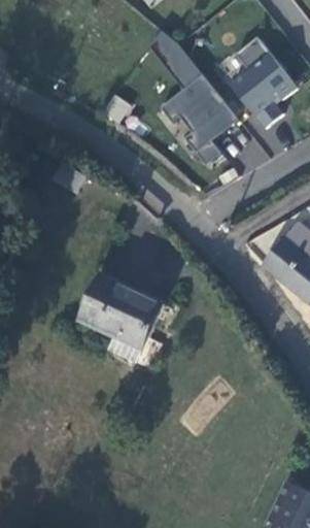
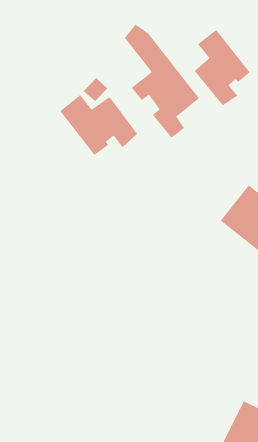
building: none -> [59,94,138,156]
building: [80,284,163,373] -> none

